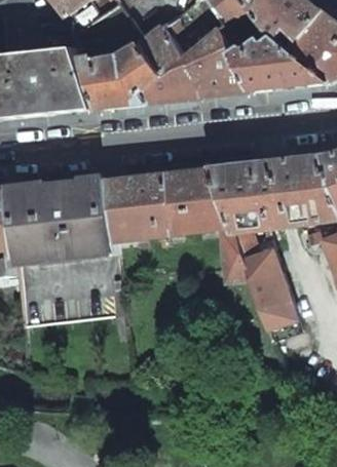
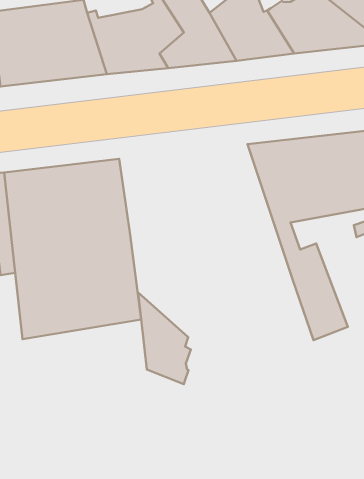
building: [105,165,251,282] -> none
building: none -> [138,293,191,384]

